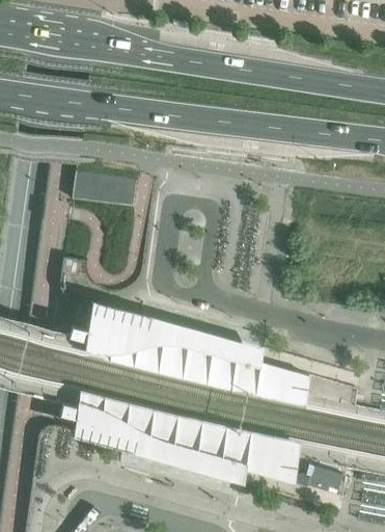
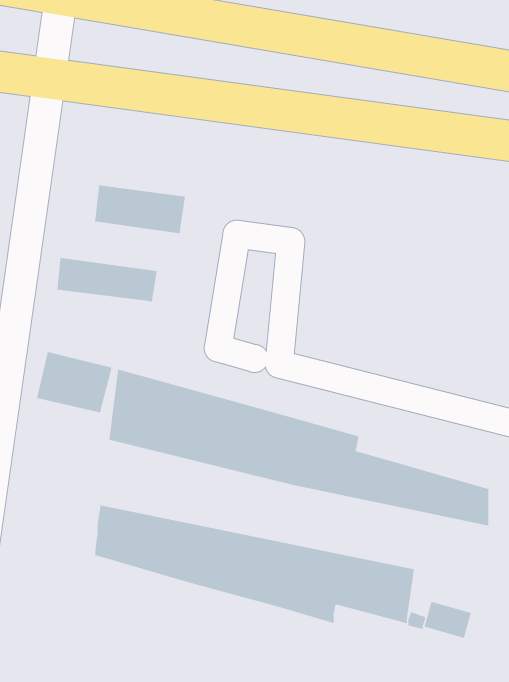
building: none -> [56,257,158,303]
building: none -> [36,351,112,414]

